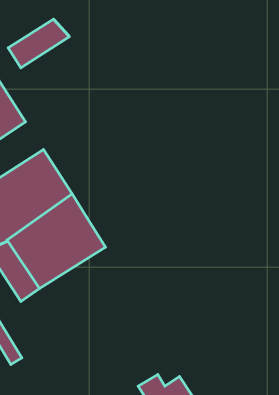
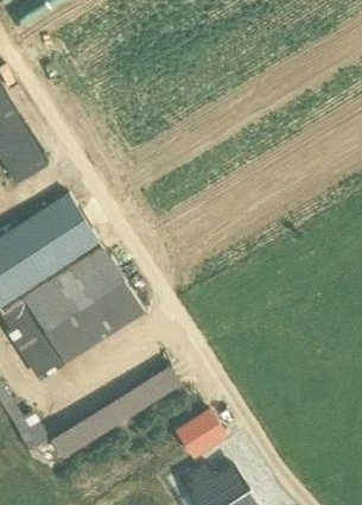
building: [8,19,69,68] -> none
building: none -> [51,367,179,459]
building: none -> [178,412,224,456]

